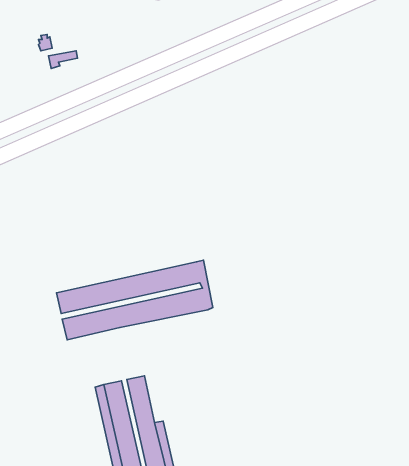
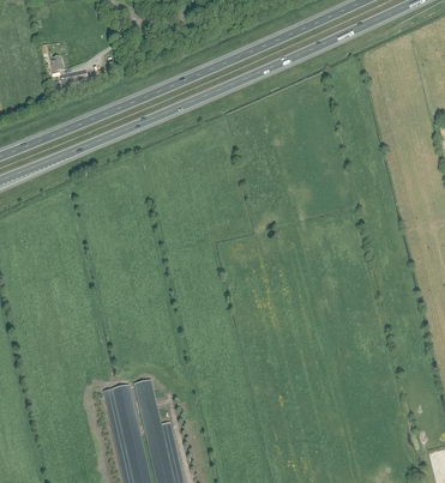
building: [56,260,213,340] -> none

